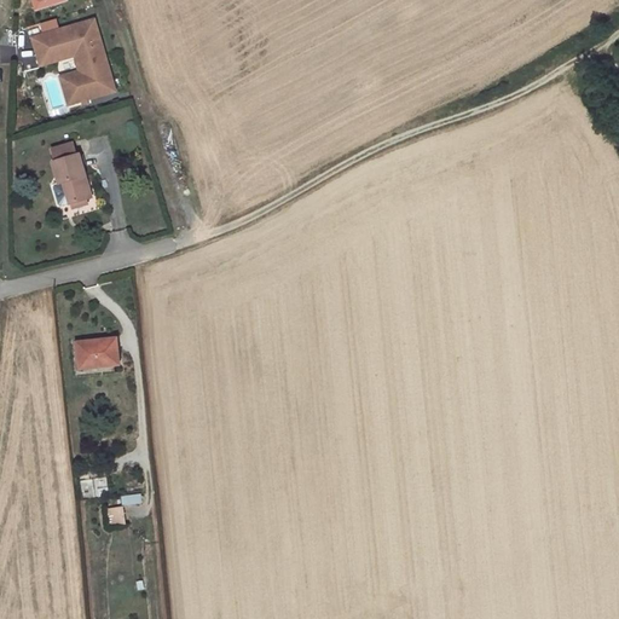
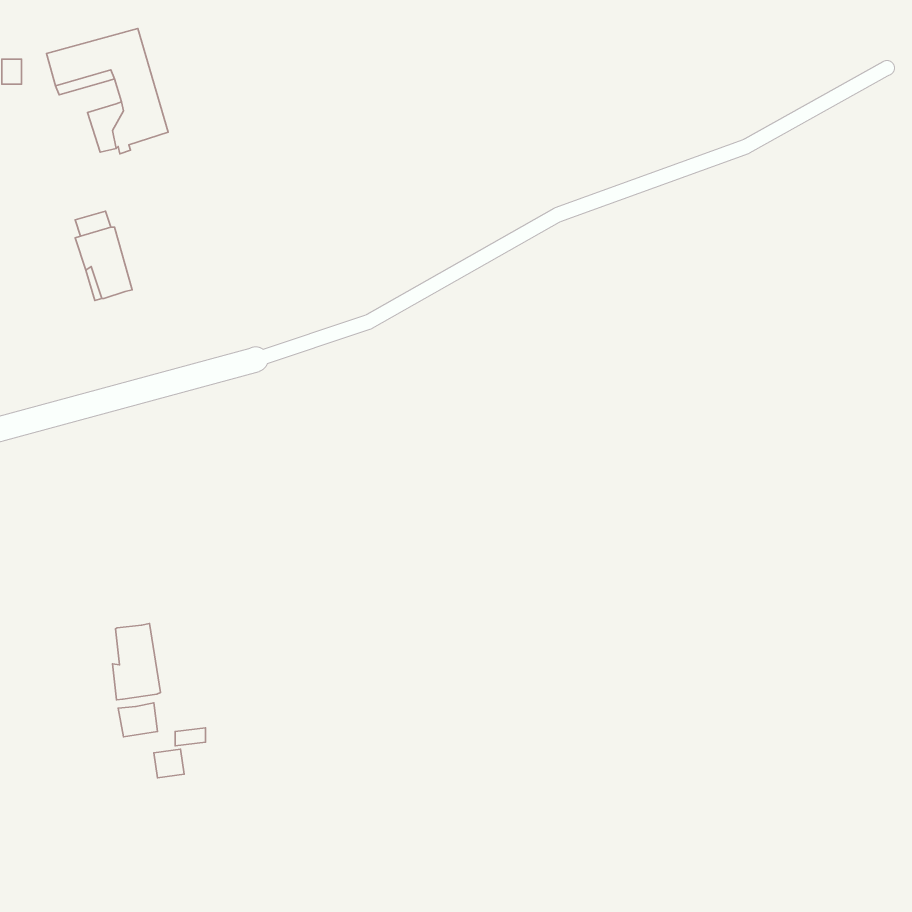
building: [75,337,117,366] -> none
building: none -> [112,624,160,700]

